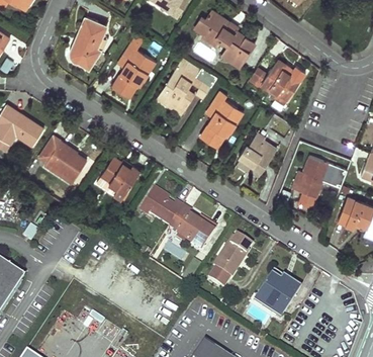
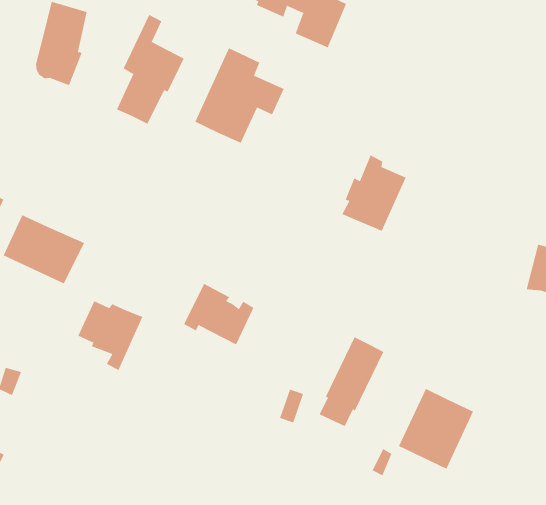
building: [250,56,301,103] -> none
building: [201,91,244,147] -> none
building: [294,153,331,203] -> none
building: [99,158,138,200] -> [78,301,143,371]
building: [166,209,212,254] -> none

